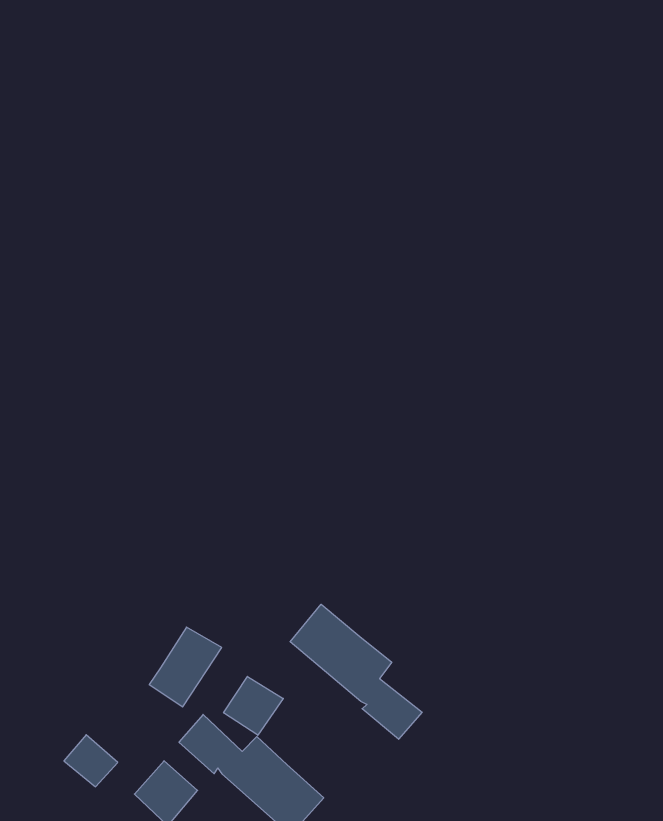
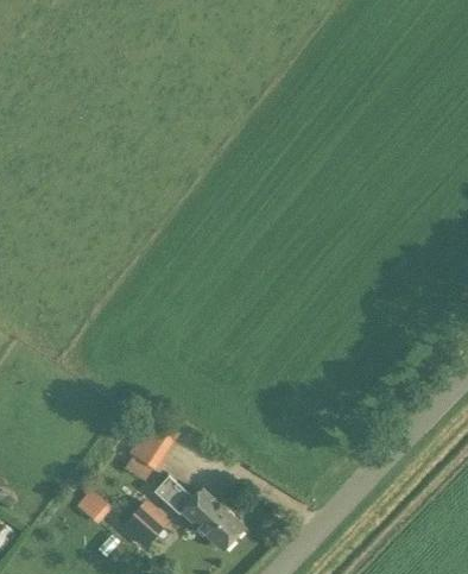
building: [290,604,422,739] -> none
building: [224,676,283,735] -> none

